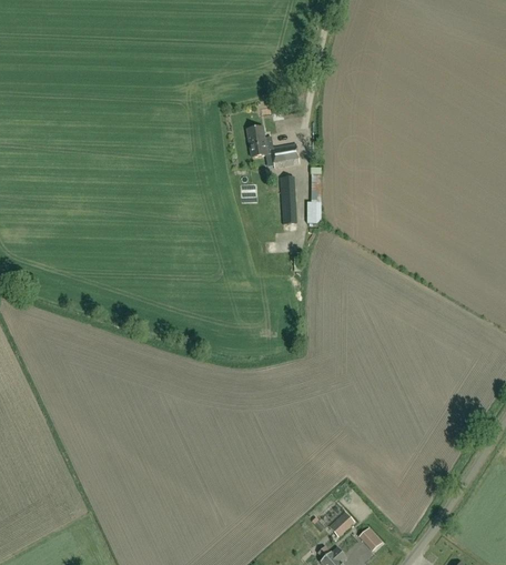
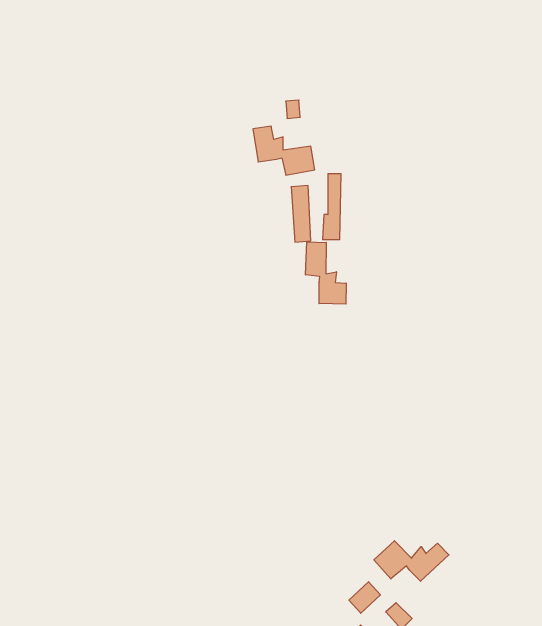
building: none -> [306,242,346,304]
building: none -> [374,541,449,581]

